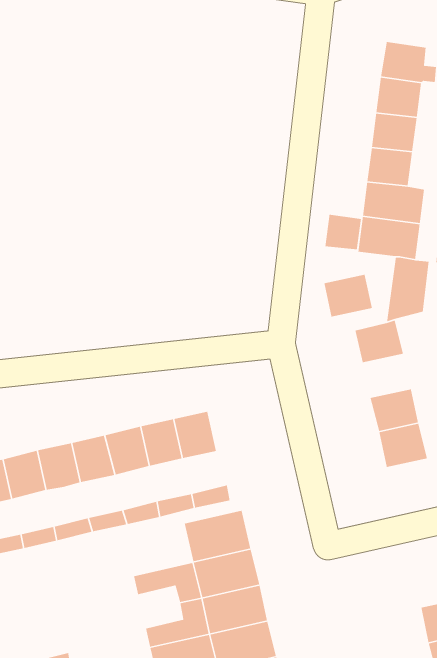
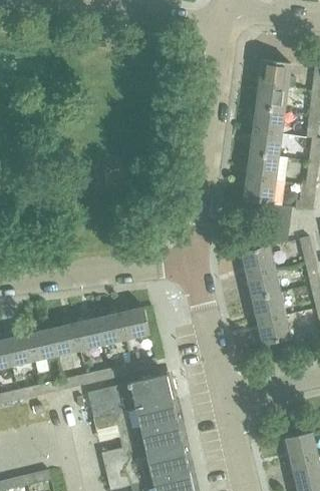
building: [325,214,362,250] -> none
building: [323,274,373,317] -> [246,270,279,299]
building: none -> [86,383,132,418]

